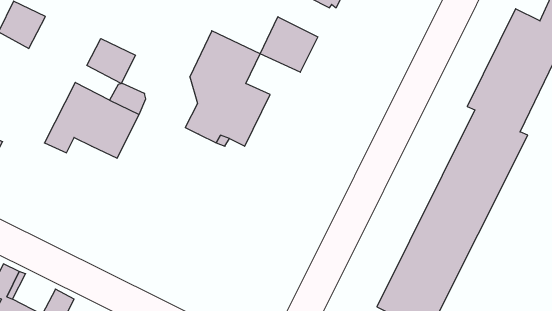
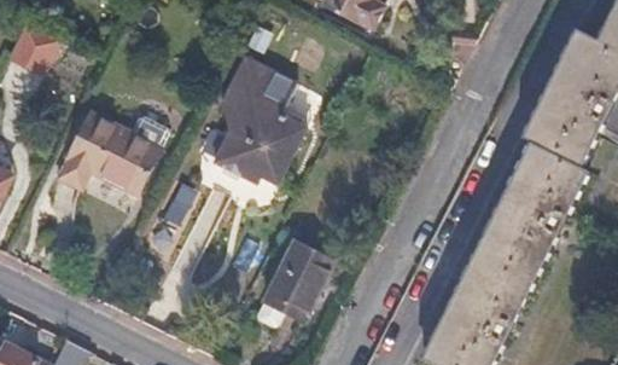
building: [260,17,318,72] -> none
building: [87,39,135,83] -> none
building: none -> [261,241,337,325]

